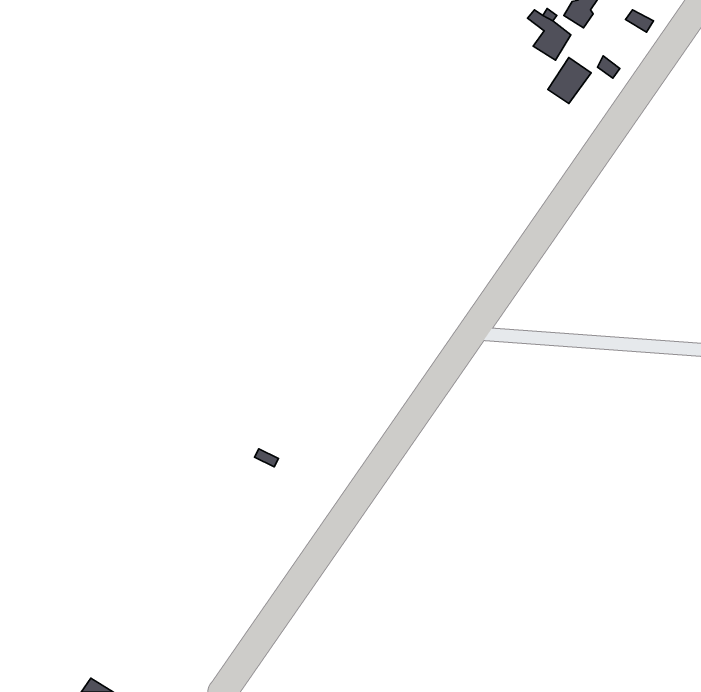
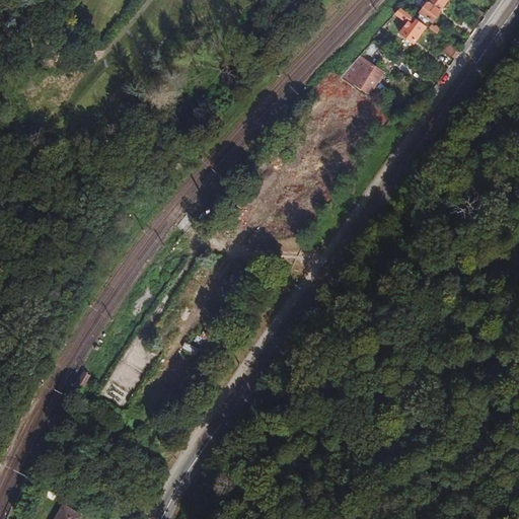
building: [548,57,591,104] -> [352,60,383,93]

